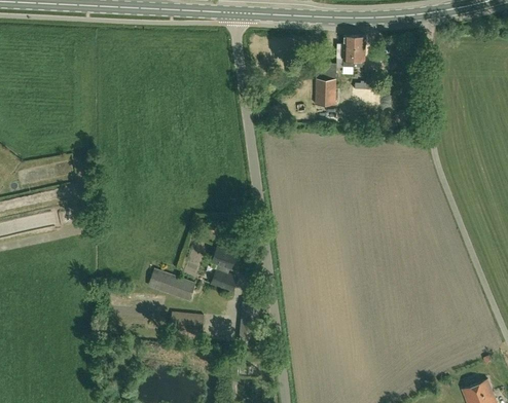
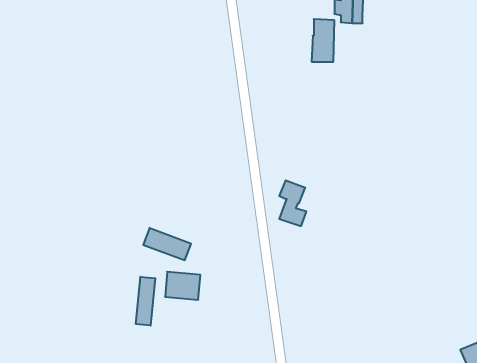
building: [212,246,239,291] -> [279,180,306,226]
building: none -> [136,277,155,326]

